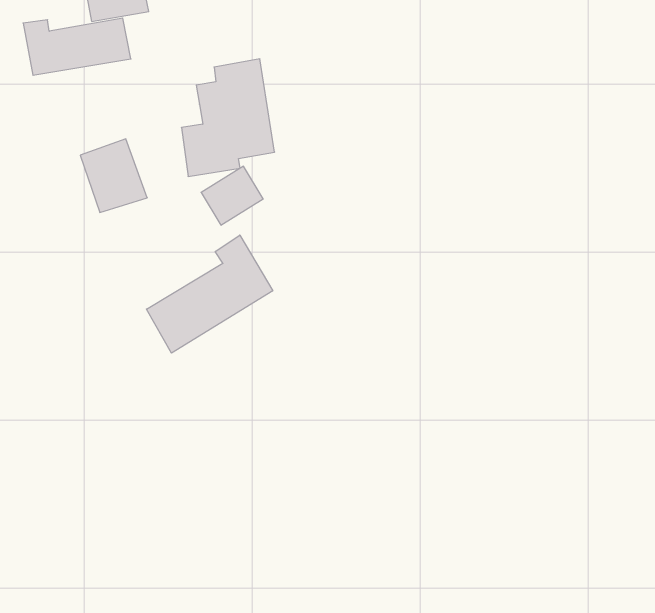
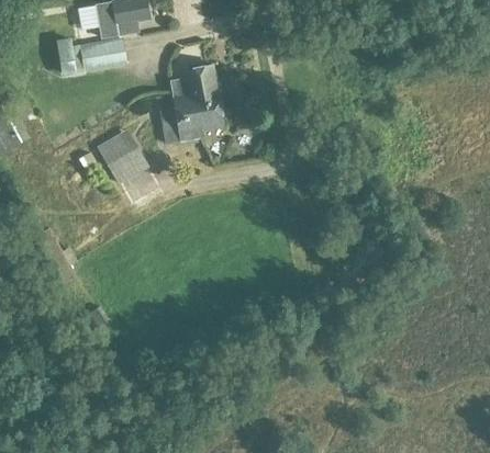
building: [201,166,263,225] -> [112,155,154,194]
building: [146,235,273,353] -> none

